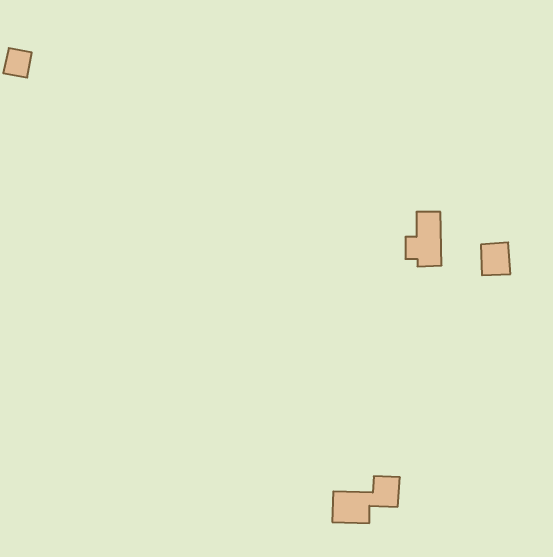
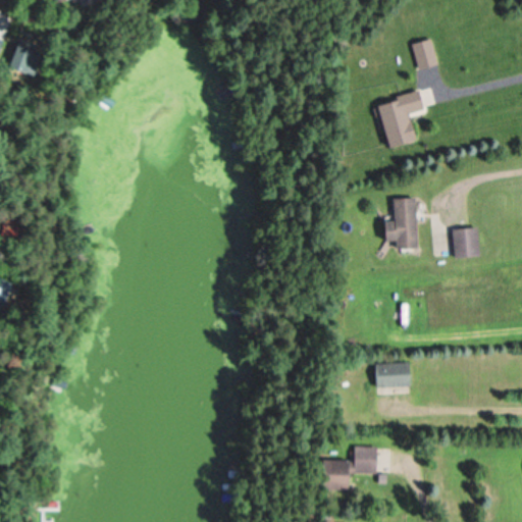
building: none -> [415,39,440,70]
building: none -> [376,92,425,148]
building: none -> [376,364,410,385]

